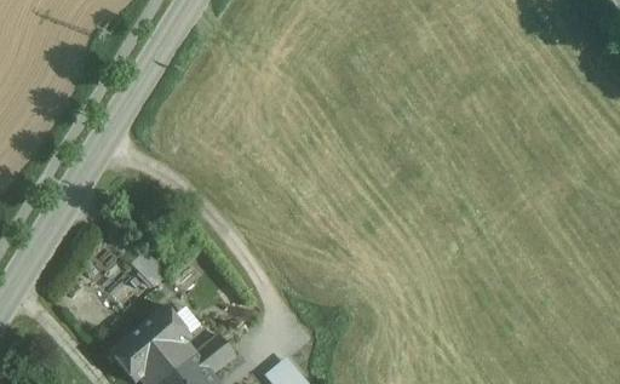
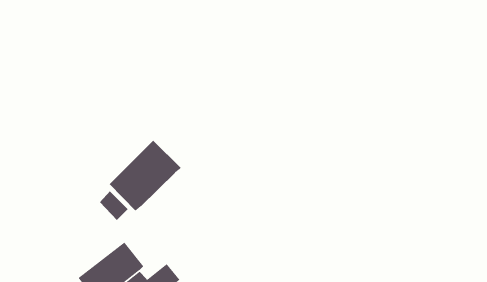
building: none -> [109,140,182,211]

